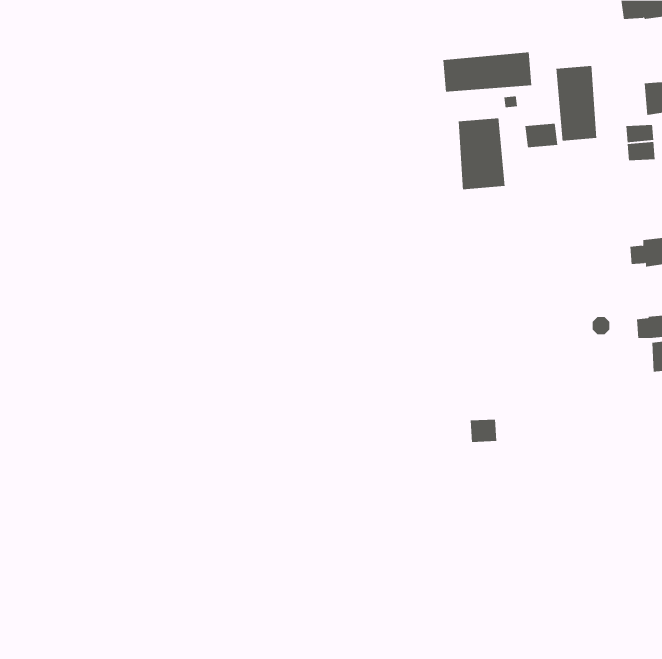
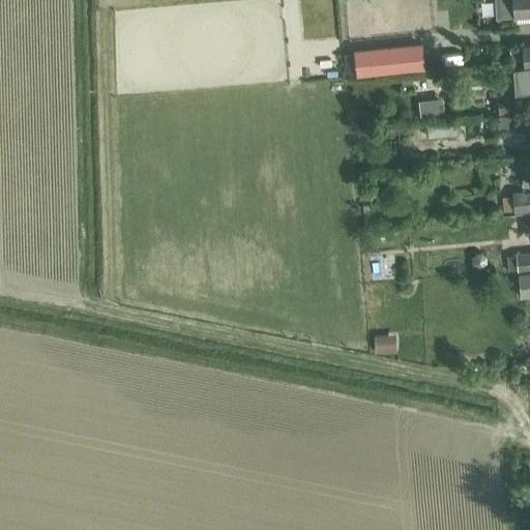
building: [556,65,597,141] -> none
building: [458,117,505,190] -> none

